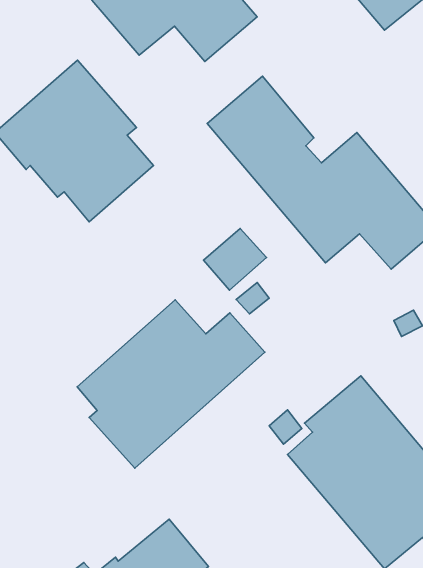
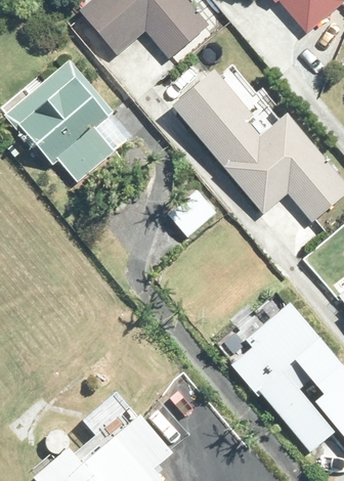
building: [77,300,265,468] -> none

